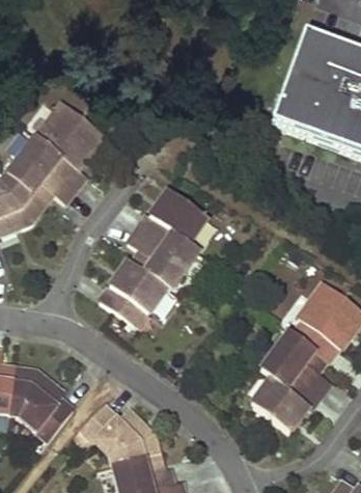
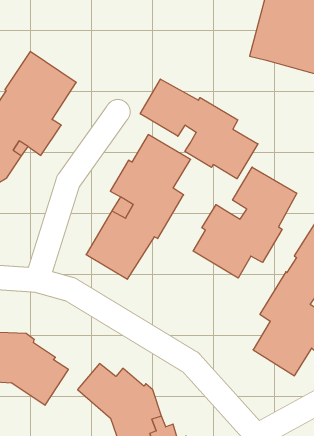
building: none -> [140,79,258,179]
building: none -> [193,167,297,278]

